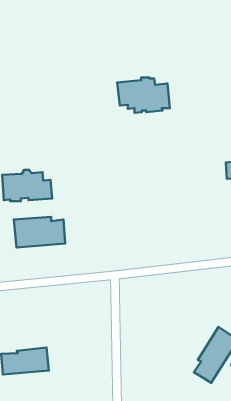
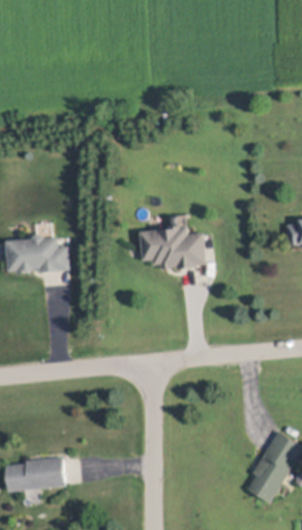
building: [117,78,170,113] -> [140,226,206,270]
building: [14,217,65,247] -> none

